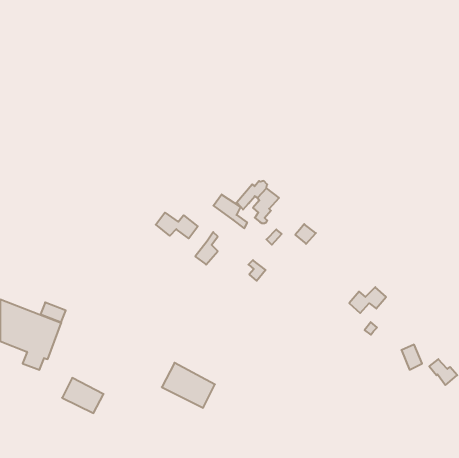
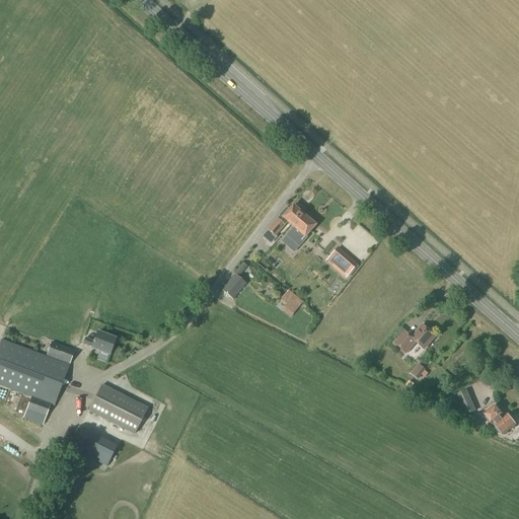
building: [213,194,247,228] -> none
building: [156,213,198,238] -> none
building: none -> [83,330,116,354]
building: [162,363,215,408] -> [88,382,148,433]

